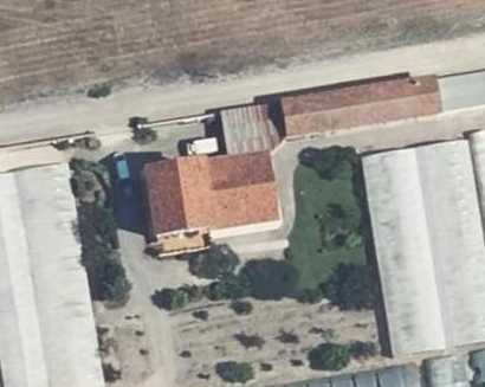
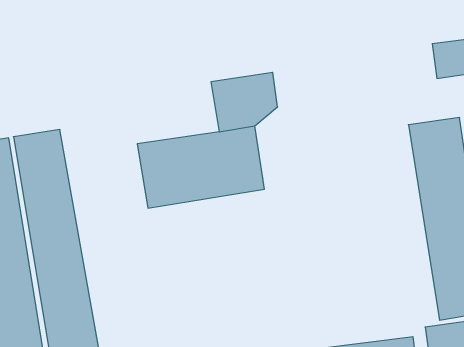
building: [279,78,439,137] -> none
building: [363,156,440,357] -> none

